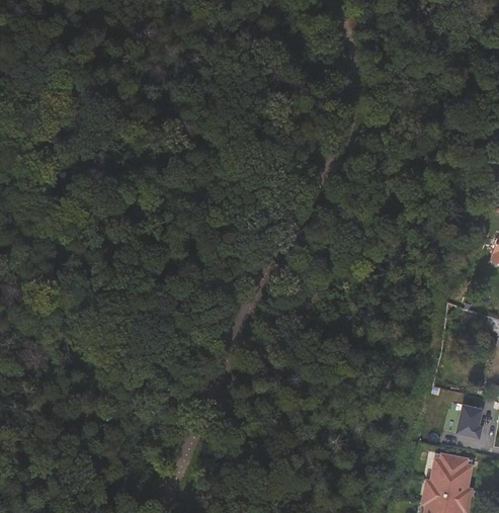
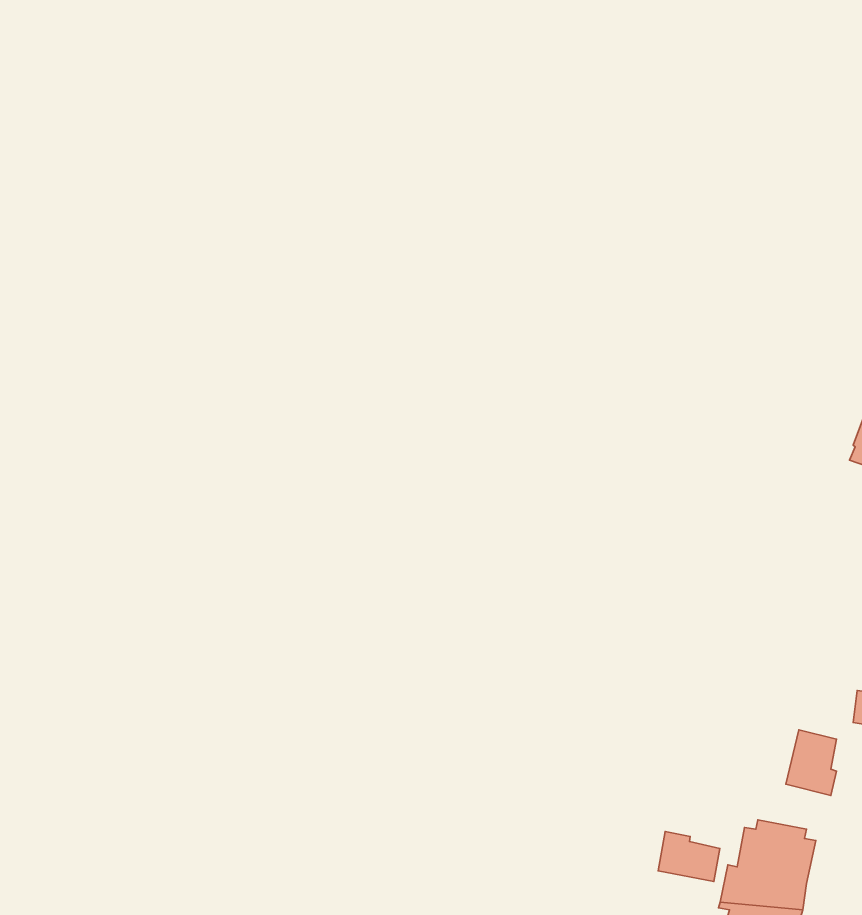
building: none -> [658,831,720,881]

